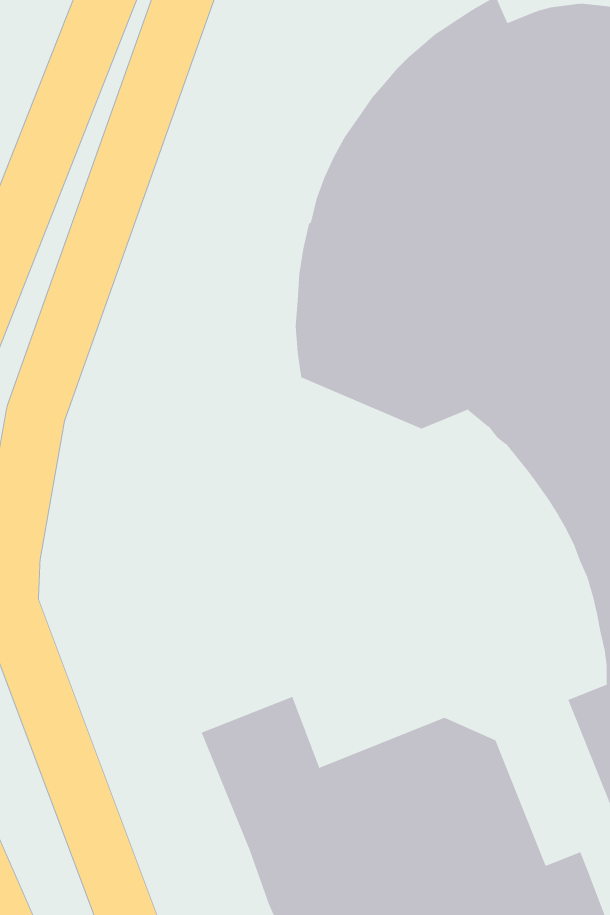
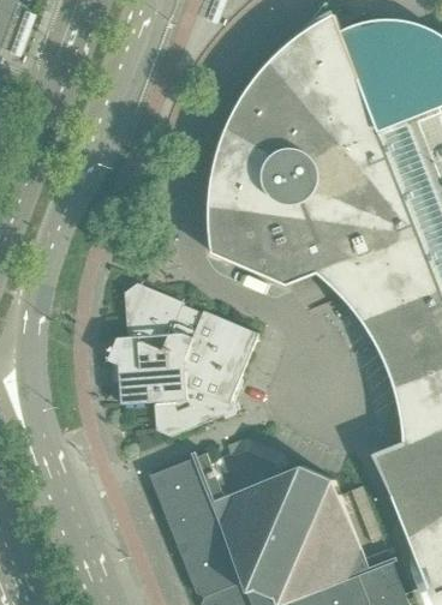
building: none -> [107,283,257,437]

